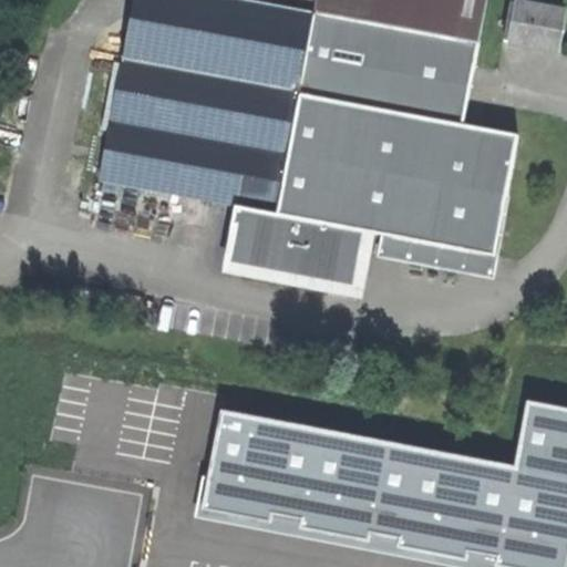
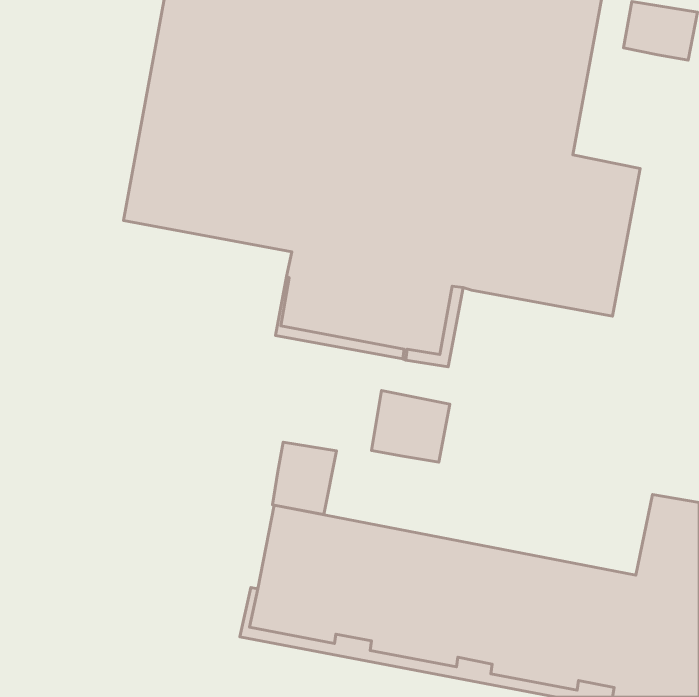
building: [377,195,508,278] -> none
building: none -> [371,391,450,462]
building: none -> [272,442,336,515]

